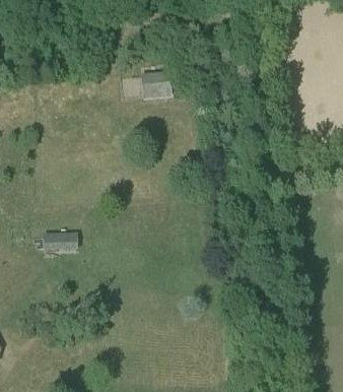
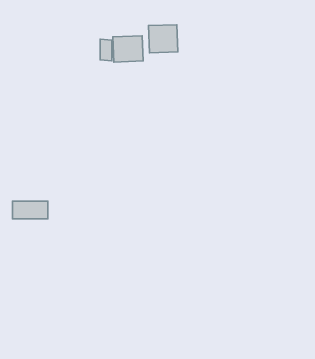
building: none -> [148,25,178,53]

